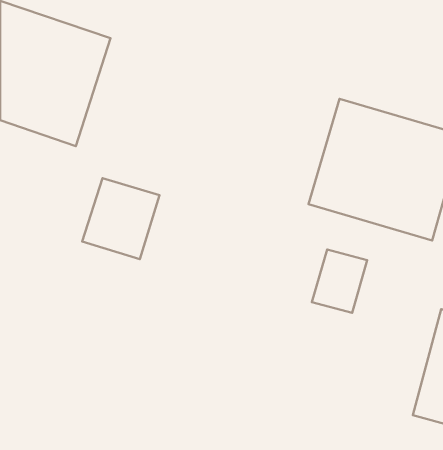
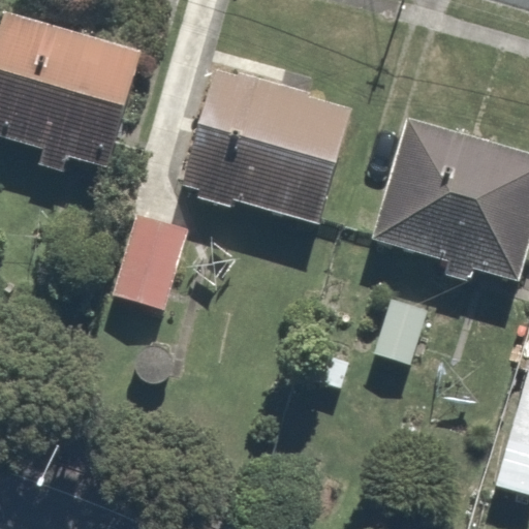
building: none -> [177,63,351,226]

